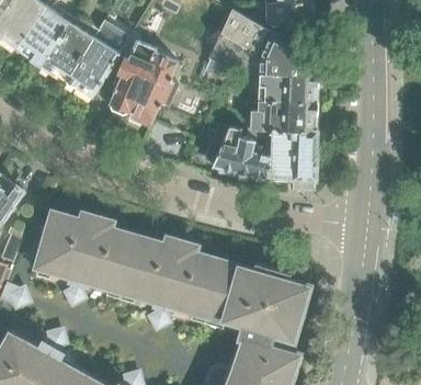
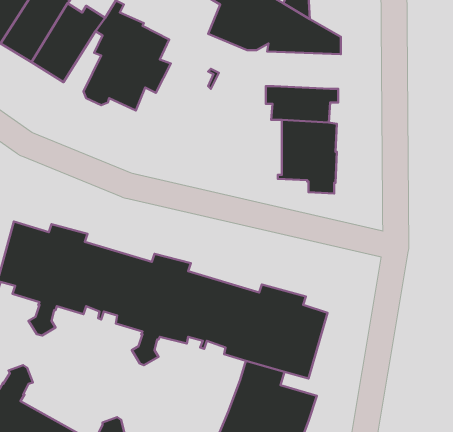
building: [259,72,319,103] -> none
building: [202,125,271,179] -> none

